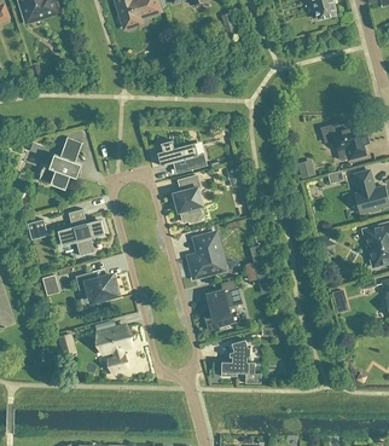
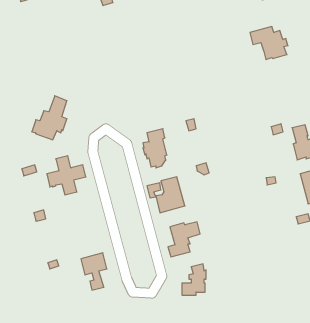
building: [320,120,366,160] -> [250,27,288,60]
building: [156,139,207,172] -> none
building: [75,271,118,301] -> none

